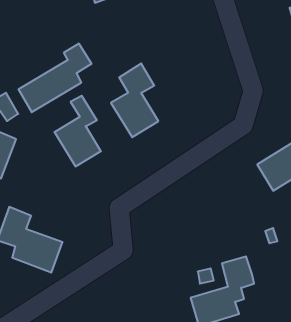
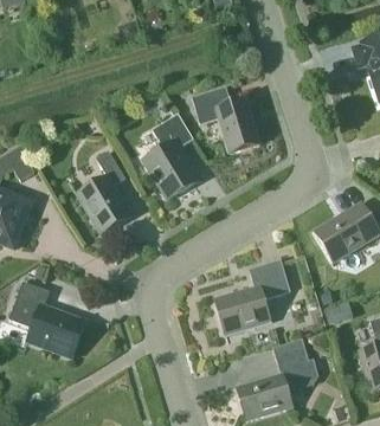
building: none -> [191,86,258,153]
building: [19,43,91,112] -> none
building: none -> [214,262,289,334]

